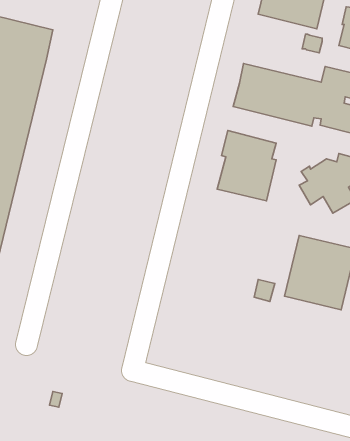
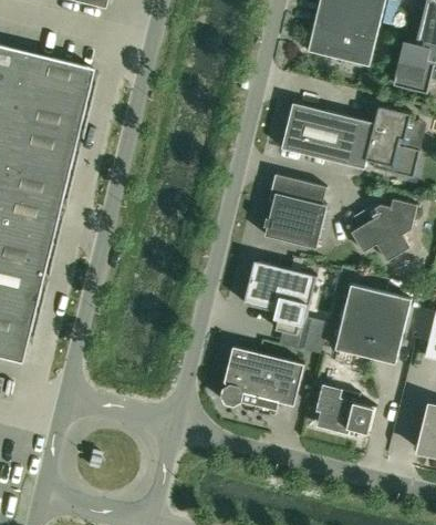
building: none -> [243,260,316,334]
building: none -> [220,347,304,415]
building: none -> [315,384,376,435]

